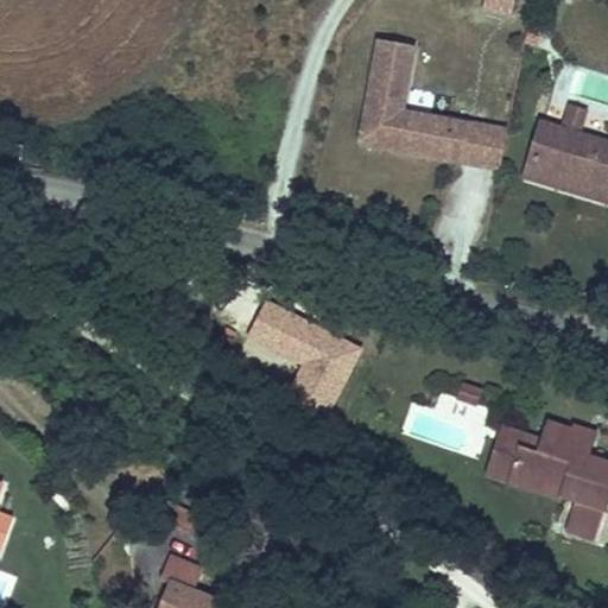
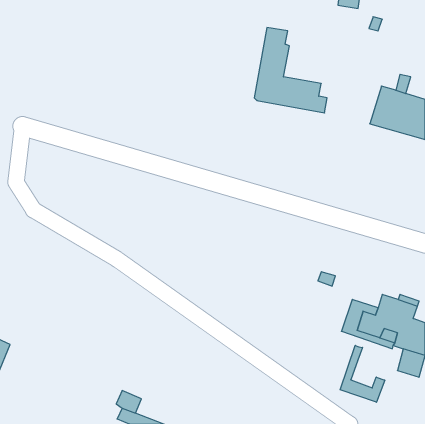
building: [452,119,507,167] -> none
building: [247,300,361,420] -> none
building: none -> [340,345,385,402]

